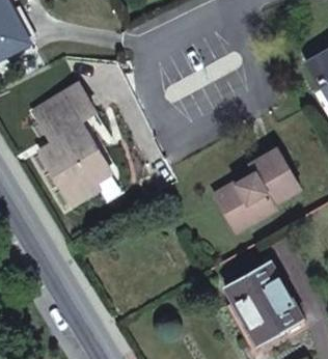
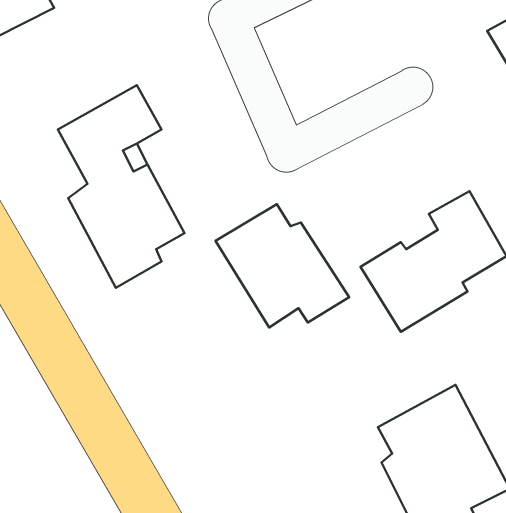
building: none -> [215,204,349,327]

